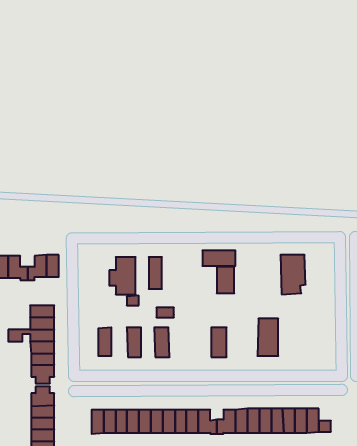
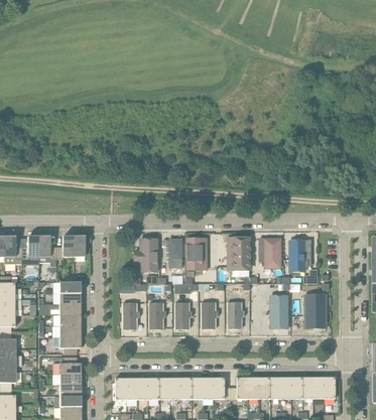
building: none -> [191,238,207,270]
building: none -> [263,238,280,269]
building: none -> [303,293,325,328]
building: none -> [200,302,214,329]

